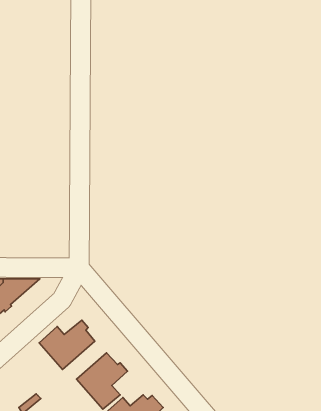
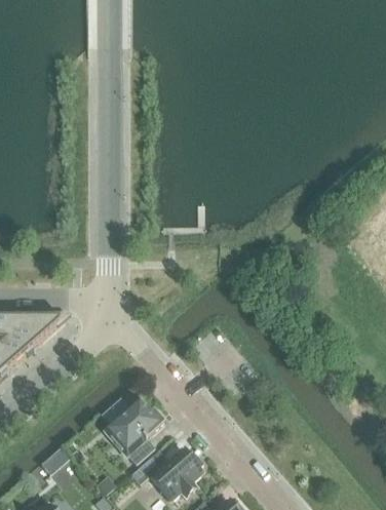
building: [39,320,95,369] -> none

